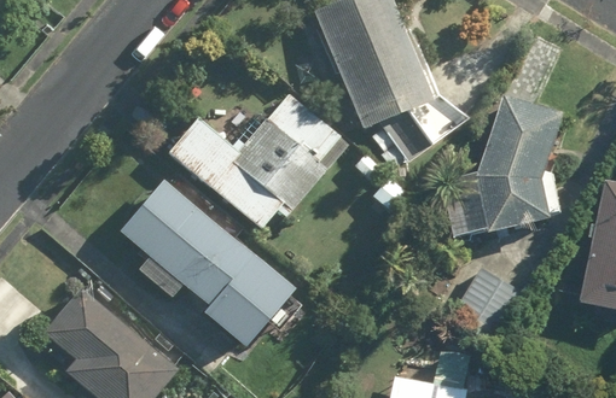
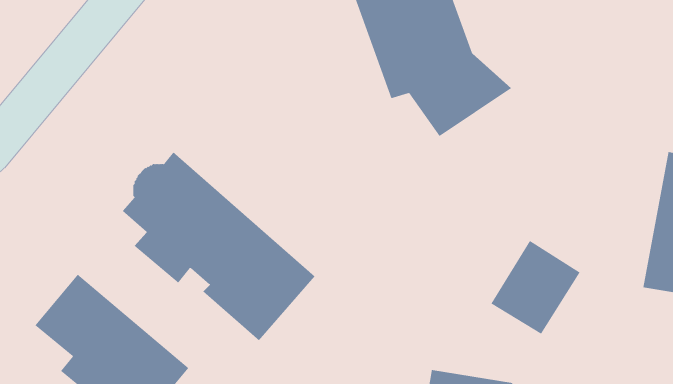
building: [167,93,345,228] -> none
building: [451,93,571,236] -> none

